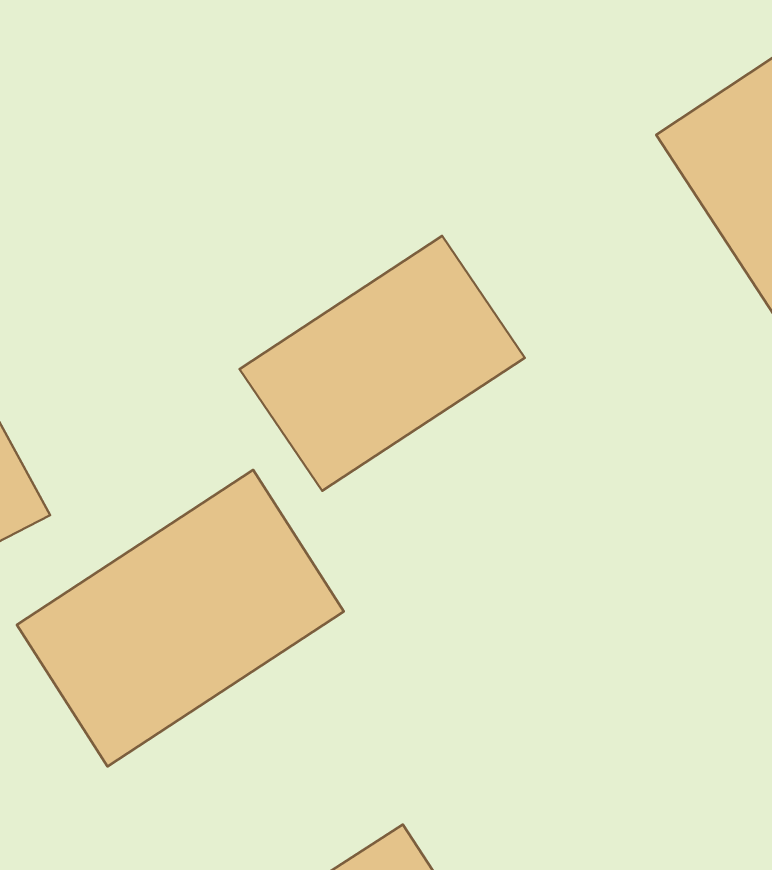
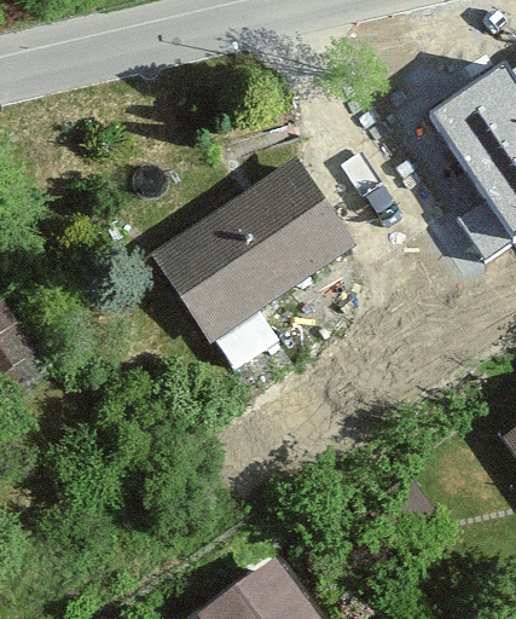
building: [17,470,344,767] -> none

